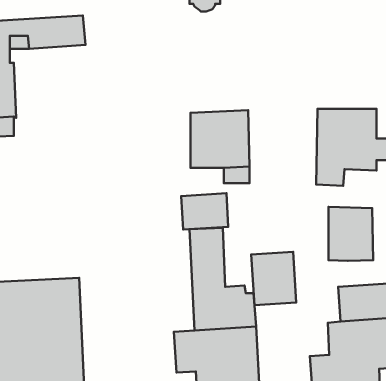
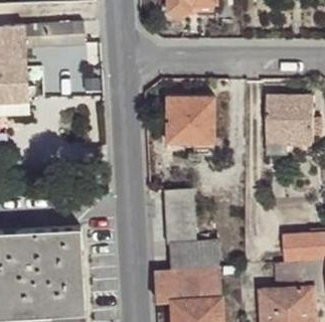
building: [181,193,228,230] -> none
building: [328,207,373,261] -> none
building: [251,252,296,305] -> none

